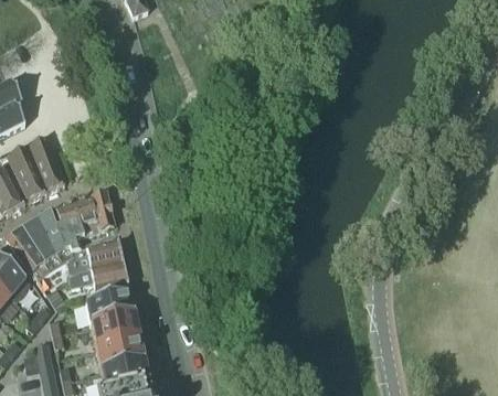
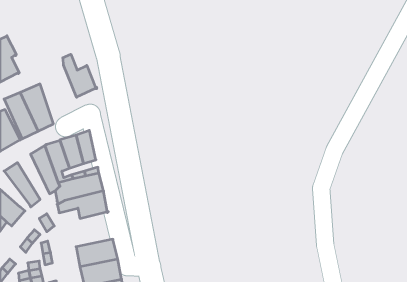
building: none -> [63,54,97,97]
building: [22,217,60,270] -> none
building: [85,291,134,325] -> none

